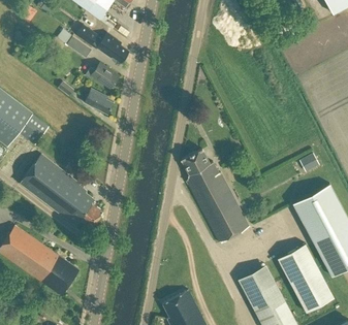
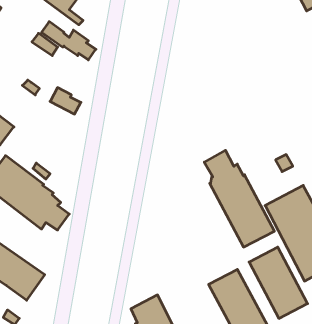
building: [85,63,119,89] -> none
building: [181,149,249,242] -> [204,150,274,247]

